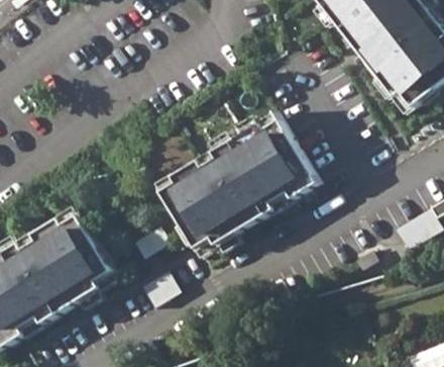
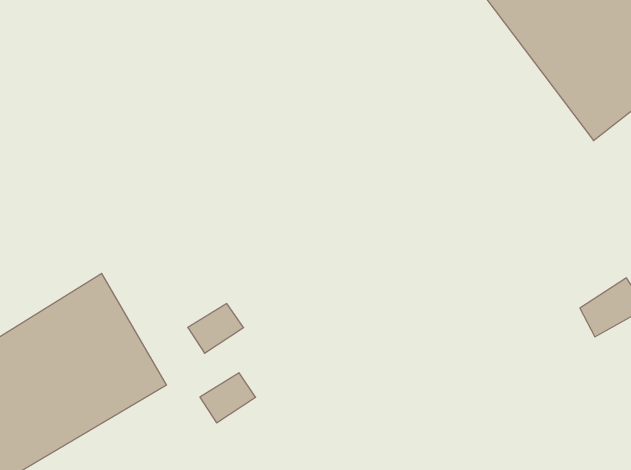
building: [162,119,321,255] -> none

